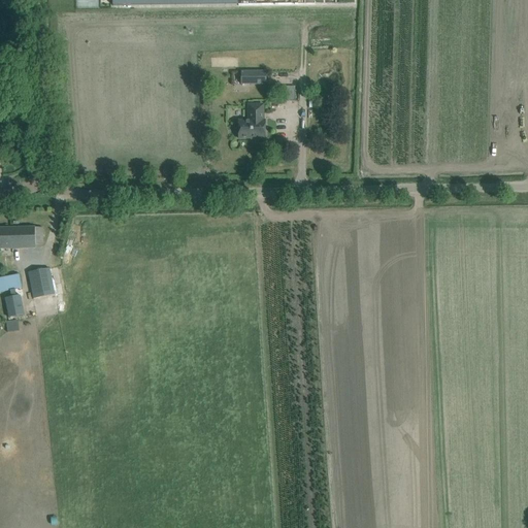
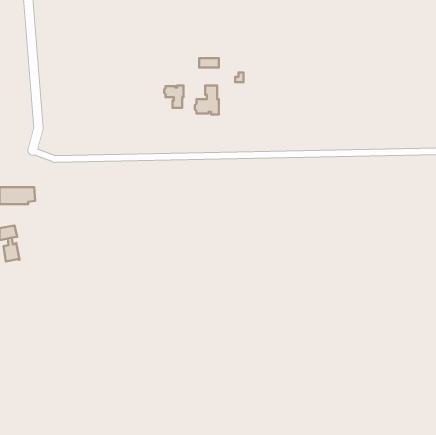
building: none -> [164,86,183,108]
building: [27,266,55,297] -> none

